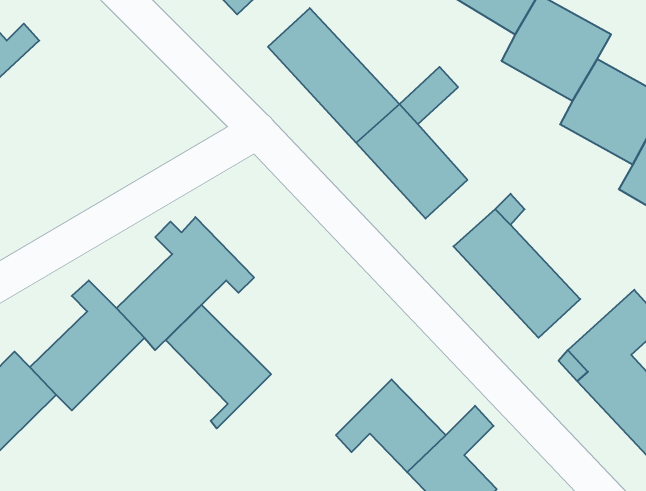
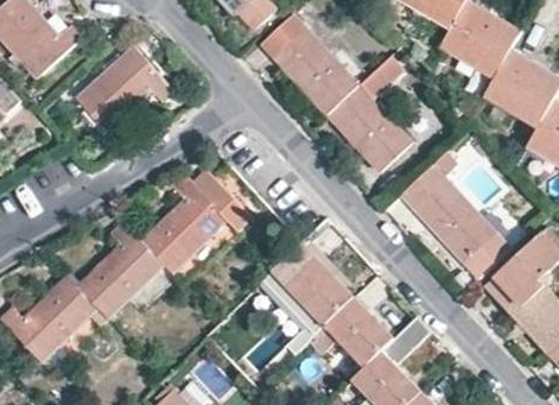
building: none -> [75,45,174,131]
building: [166,305,271,428] -> [272,242,352,337]

